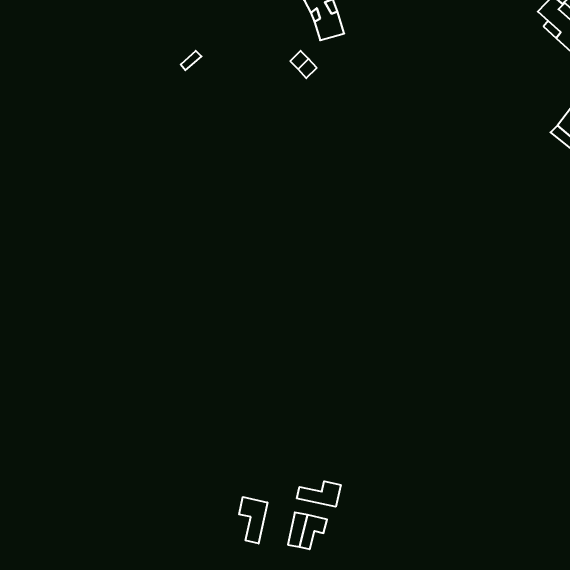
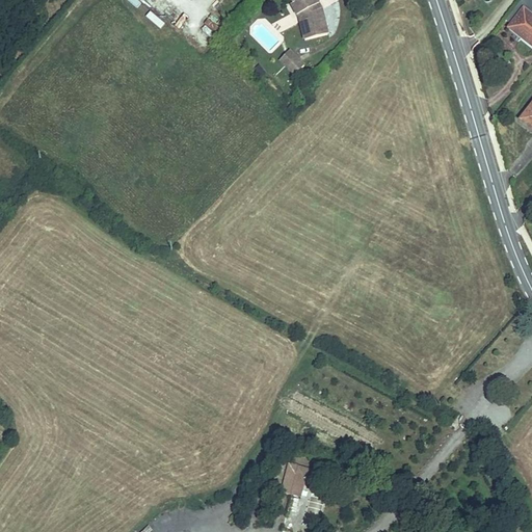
building: [297,481,341,507] -> none
building: [239,497,267,544] -> none

